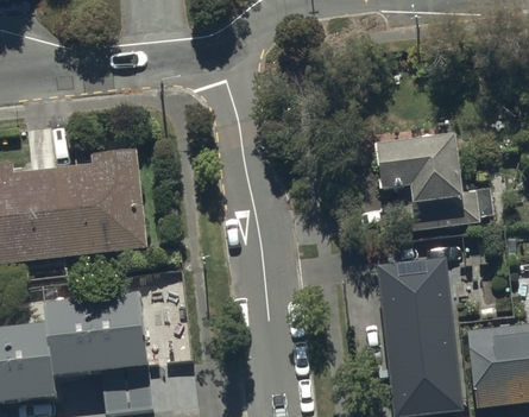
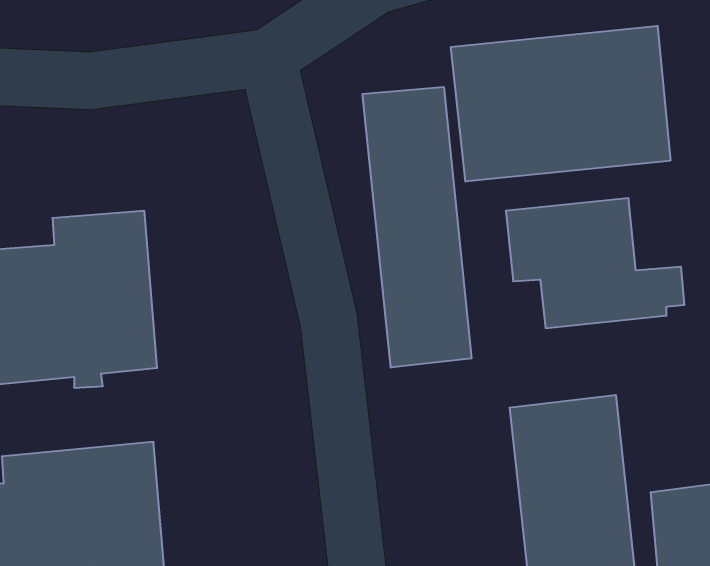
building: none -> [451,26,670,182]
building: none -> [363,87,472,368]

